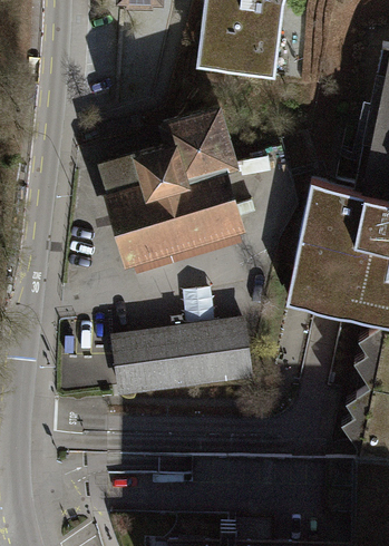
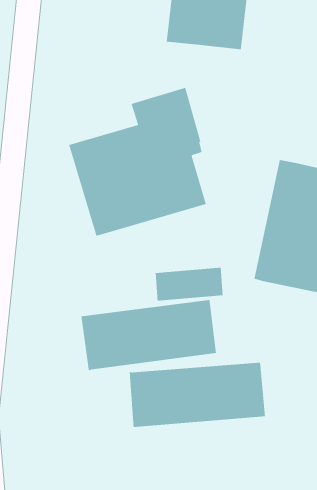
building: none -> [129,362,266,428]

